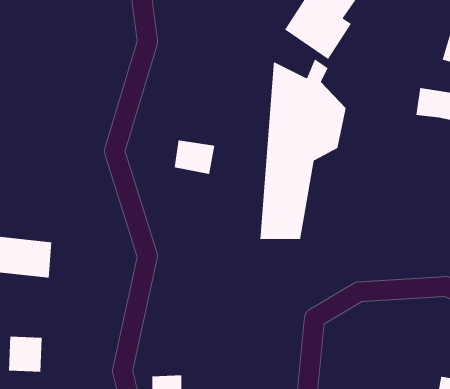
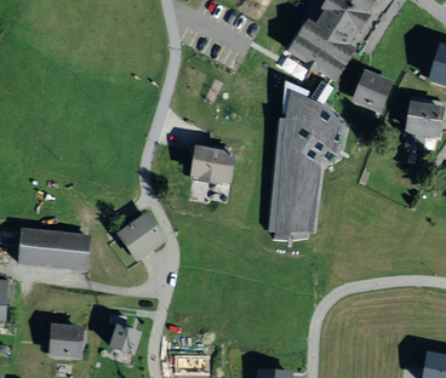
building: none -> [355,74,388,110]
building: none -> [121,213,162,252]
building: none -> [109,323,139,359]

